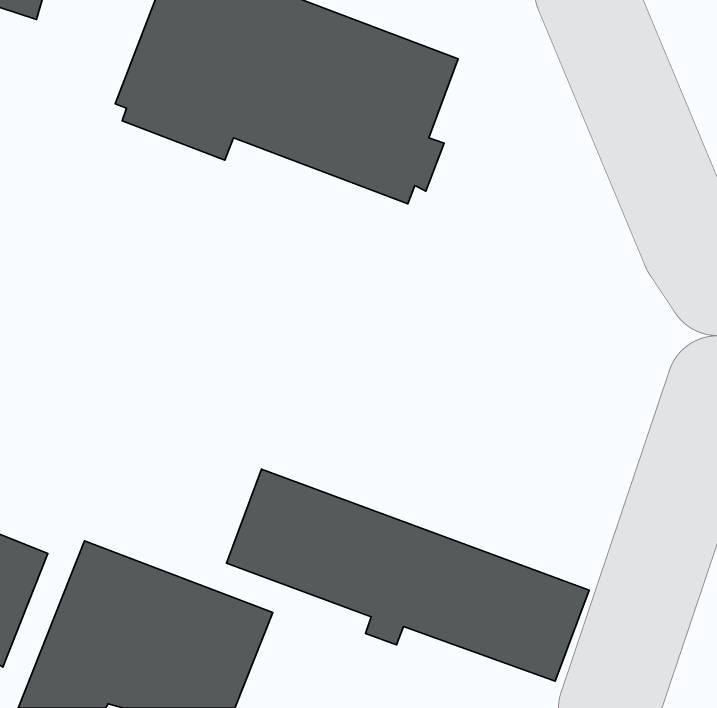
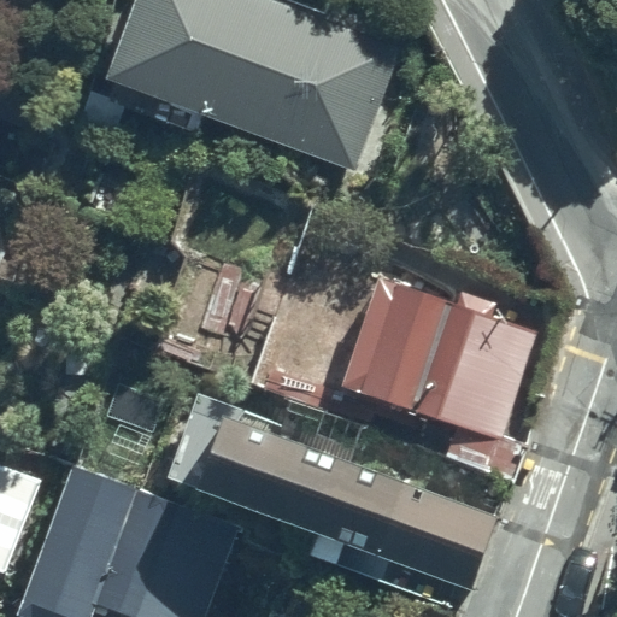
building: none -> [339,278,540,477]

